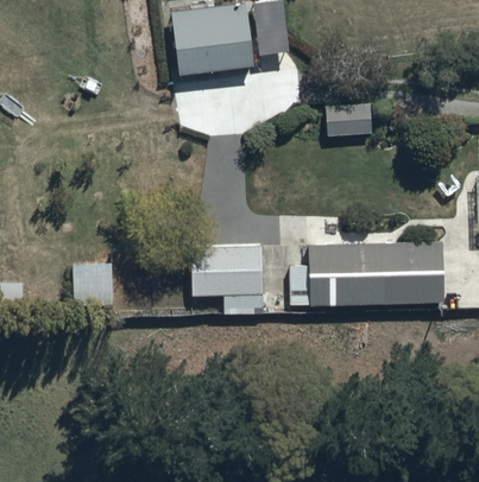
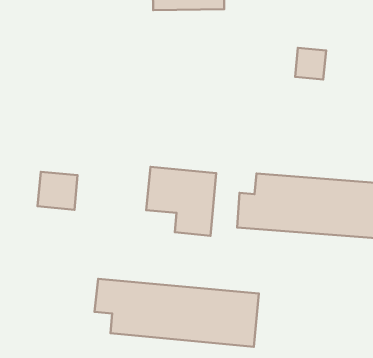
building: none -> [94,279,259,347]

